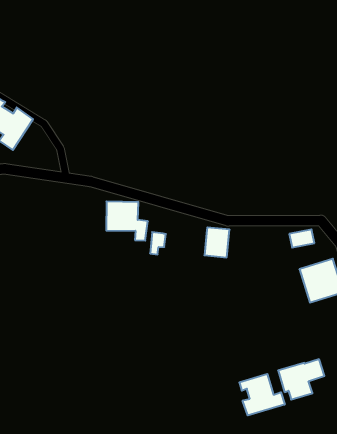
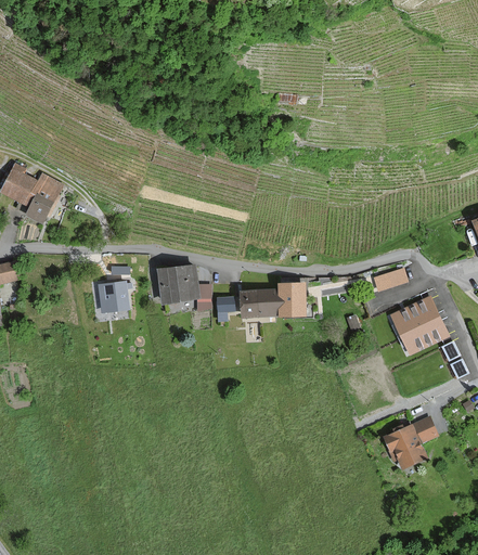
building: none -> [99,282,128,311]
building: none -> [243,289,281,317]
building: [239,374,285,415] -> none

